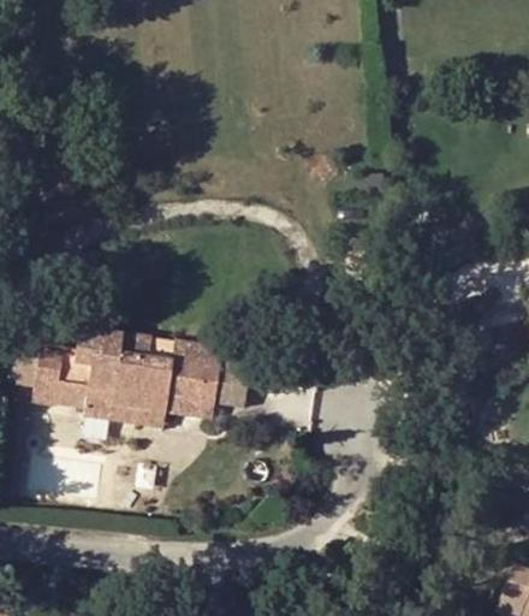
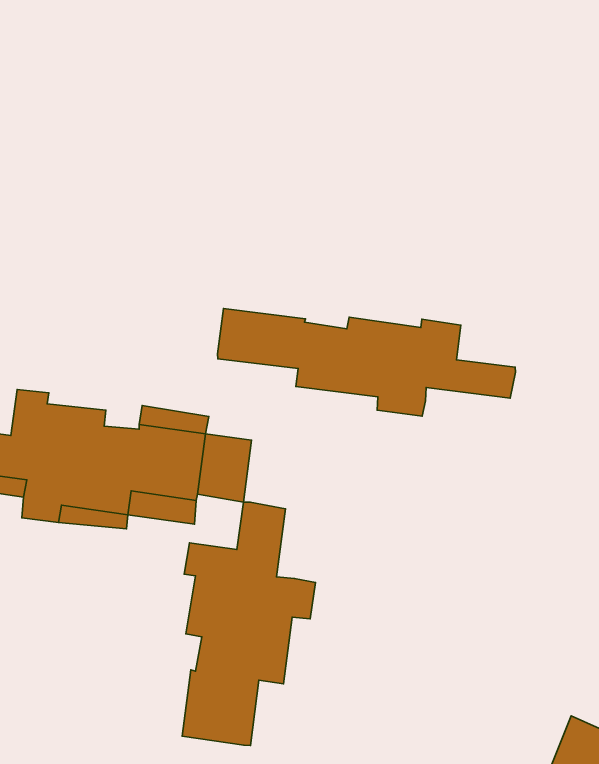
building: none -> [217,309,515,416]
building: none -> [182,502,315,745]

